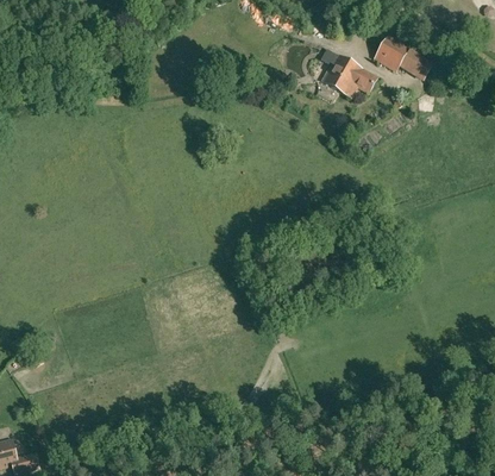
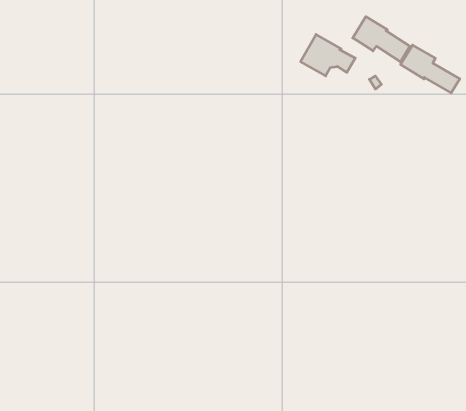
building: none -> [401,45,460,93]

